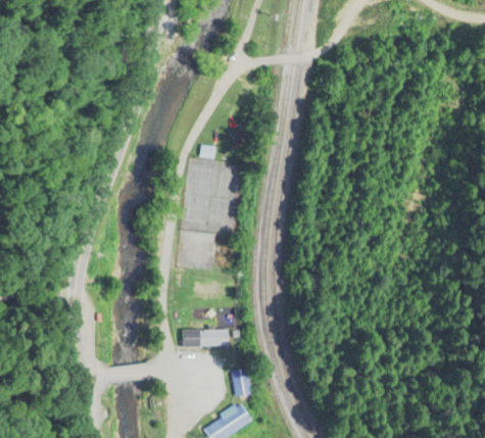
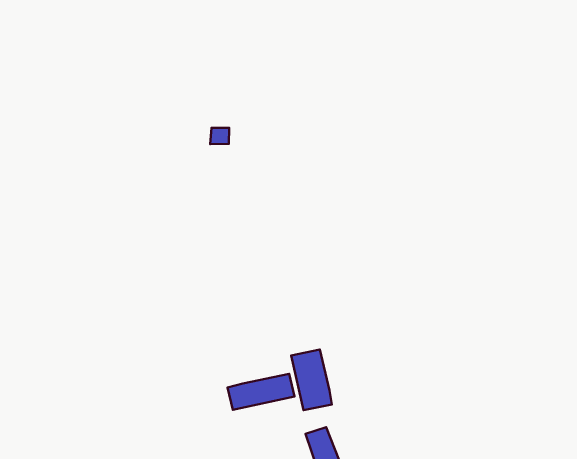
building: none -> [291,349,332,410]

